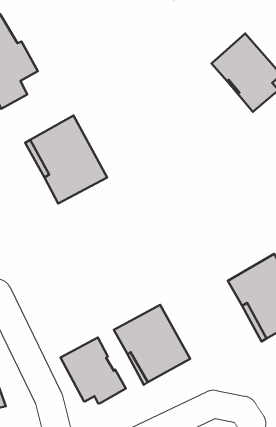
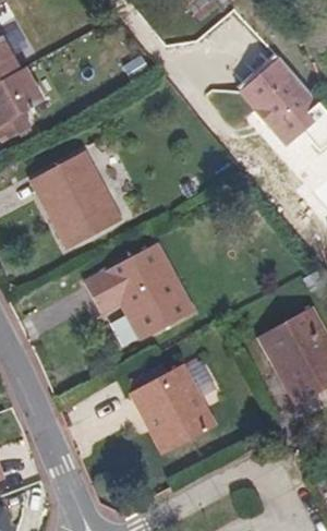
building: none -> [84,243,194,341]
building: [61,338,126,403] -> none

